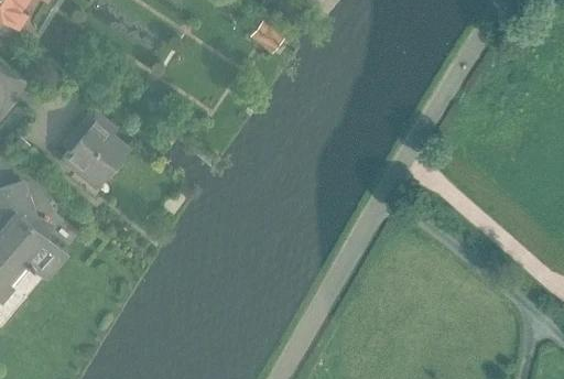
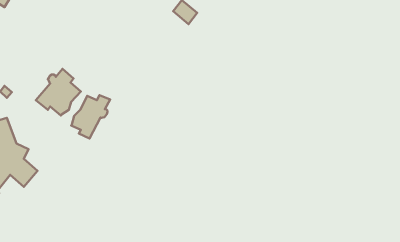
building: none -> [71,95,110,138]

